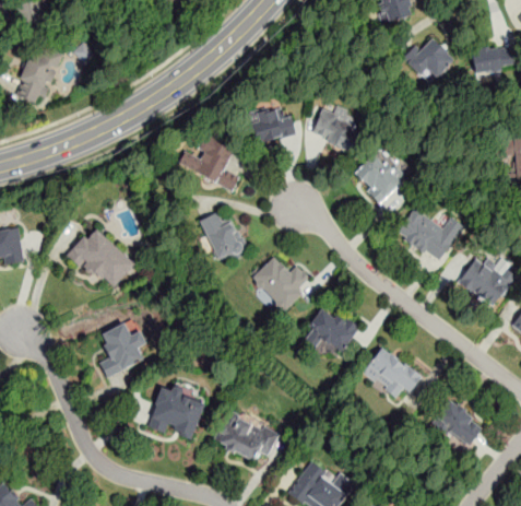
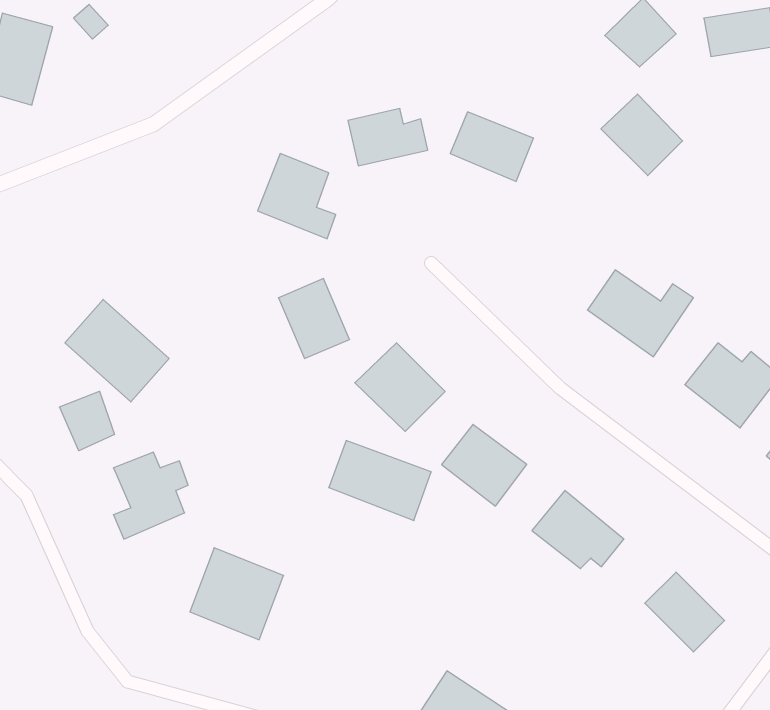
building: [353,154,404,205] -> [601,94,683,176]
building: none -> [60,391,114,451]
building: [213,413,277,463] -> [329,441,431,521]

